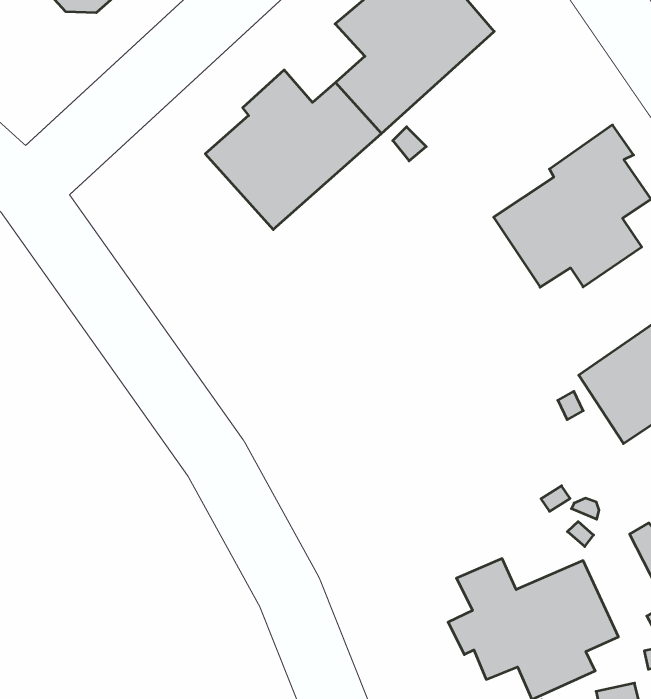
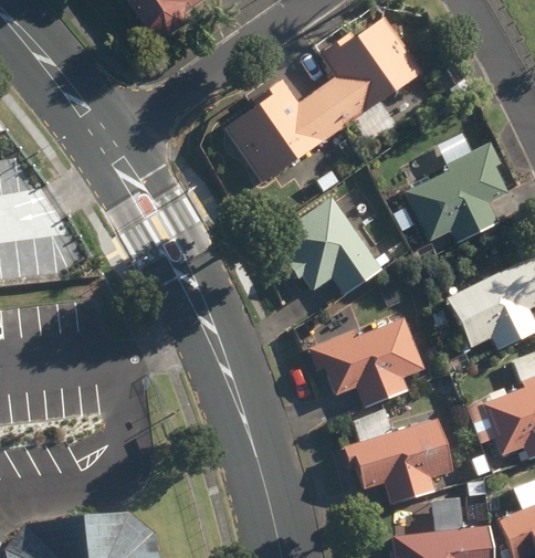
building: none -> [276,196,382,294]
building: none -> [311,317,424,407]

